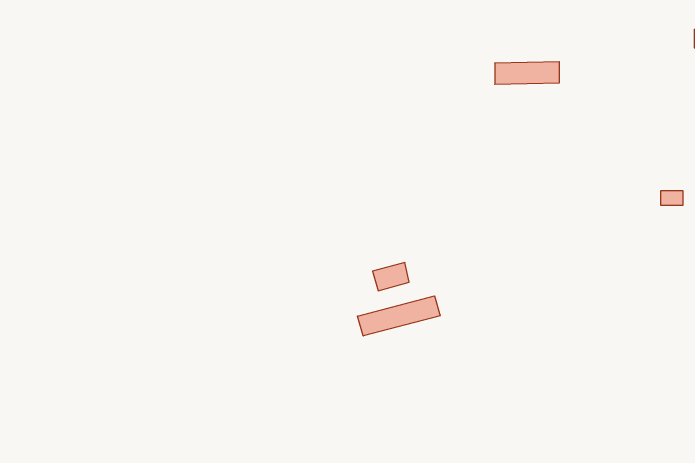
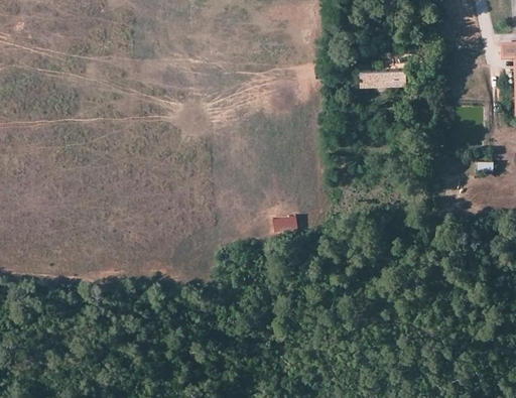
building: [357,296,440,336] -> none

